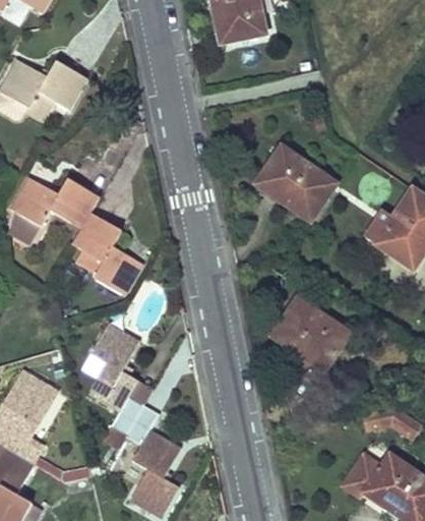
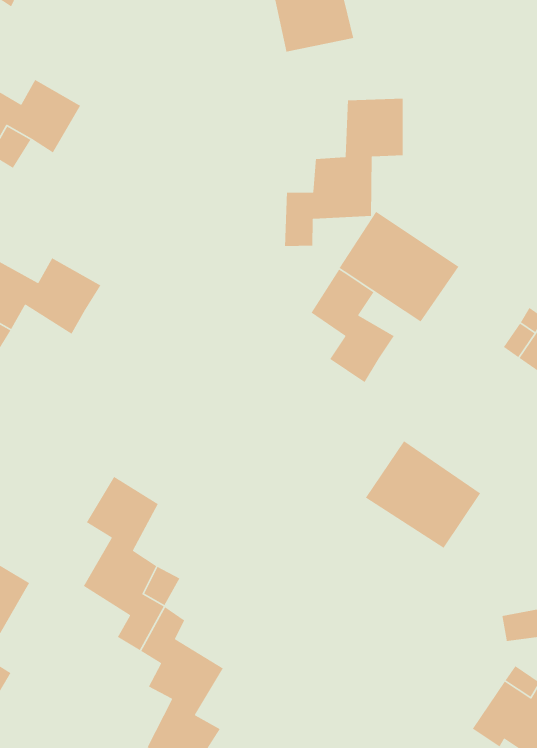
building: none -> [284,98,404,247]
building: none -> [311,268,395,383]
building: [72,212,142,294] -> none

